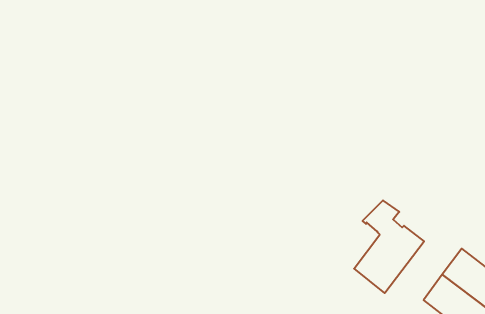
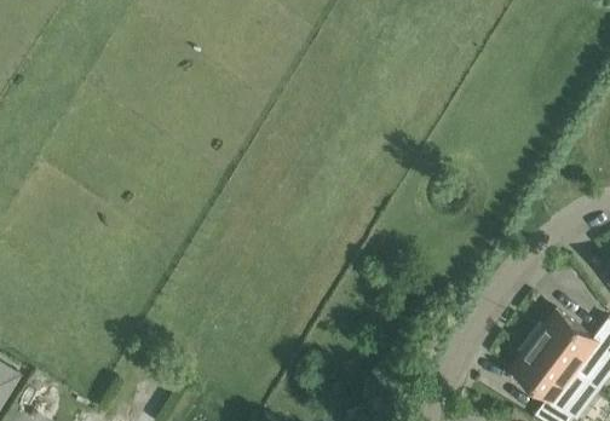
building: [354,200,424,293] -> none

